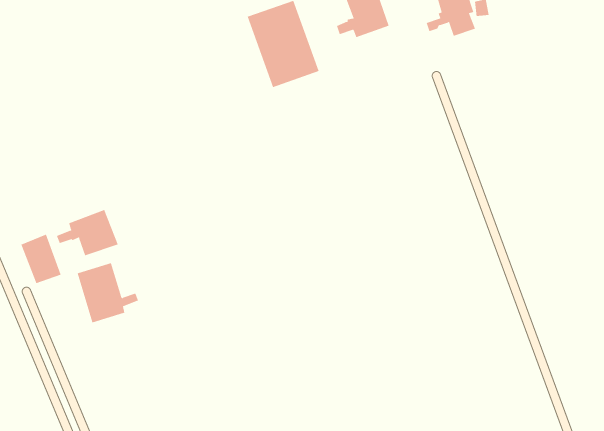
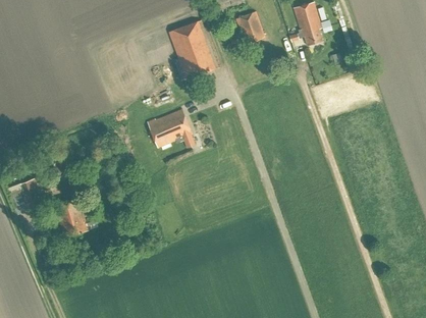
building: none -> [148,109,196,148]
building: [56,209,119,256] -> none

